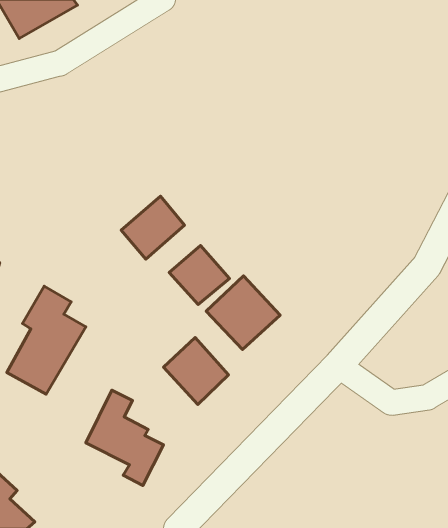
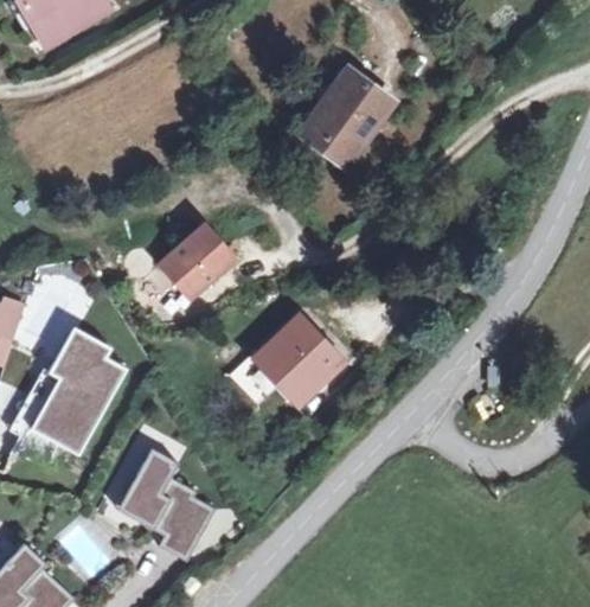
building: none -> [304,72,390,164]
building: [169,245,229,305] -> none
building: [163,337,229,404] -> none

